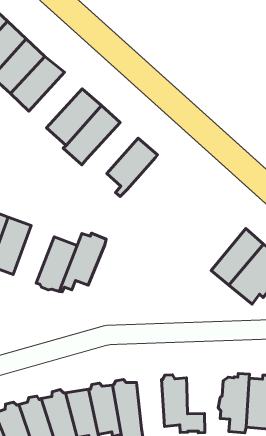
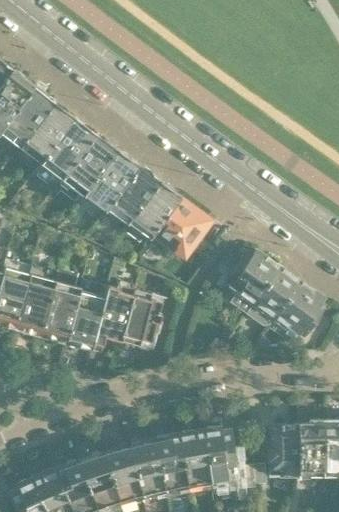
building: none -> [42,119,96,179]
building: none -> [107,167,159,223]
building: none -> [152,201,208,256]
building: none -> [220,252,280,315]
building: none -> [39,283,80,343]
building: none -> [119,291,163,347]
building: none -> [178,432,212,488]

